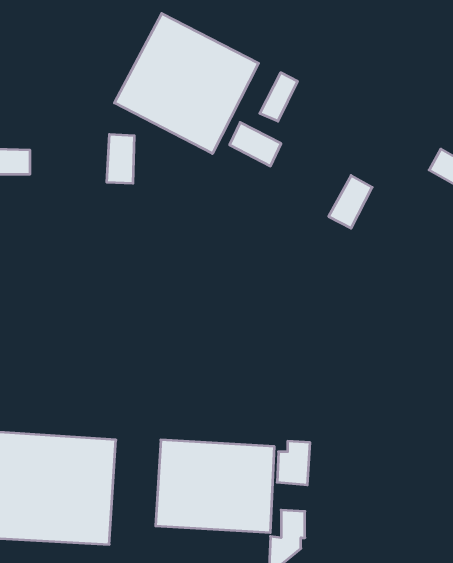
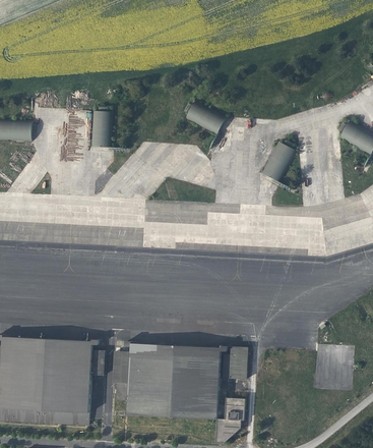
building: [114,13,259,154] -> none
building: [260,73,297,121] -> none

